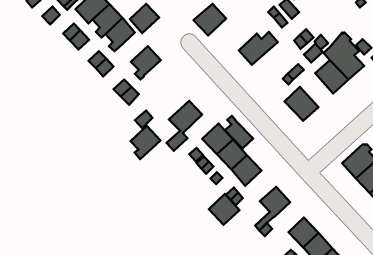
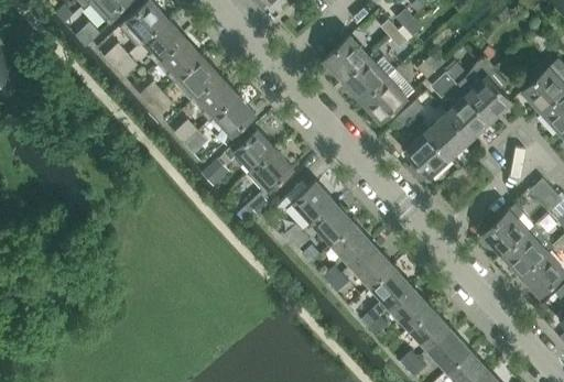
building: [194,4,226,35] -> [323,40,367,83]
building: [130,4,159,33] -> [180,58,219,98]
building: none -> [360,72,414,123]
building: none -> [214,96,254,137]
building: none -> [425,113,470,160]
building: [225,116,253,148] -> none
building: [130,126,161,159] -> [235,131,275,176]
building: [209,194,240,225] -> [351,245,393,287]
building: none -> [391,288,431,329]

